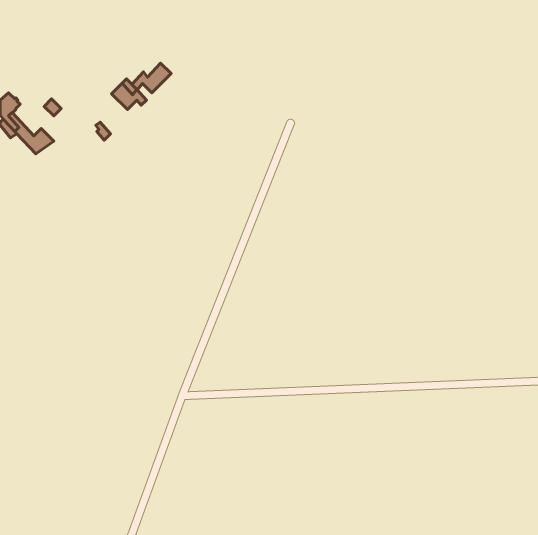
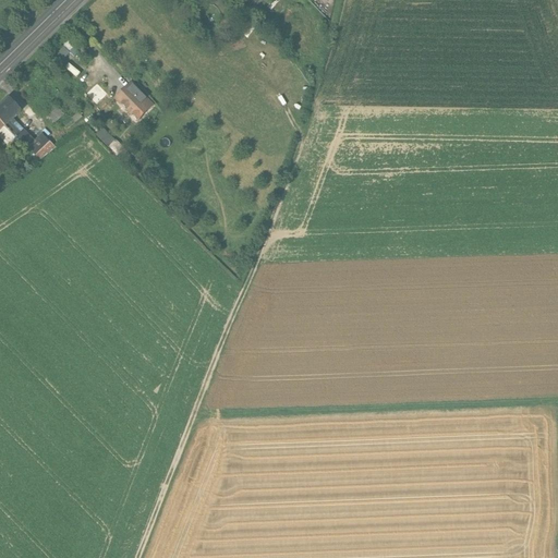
building: [132,63,171,93] -> none

